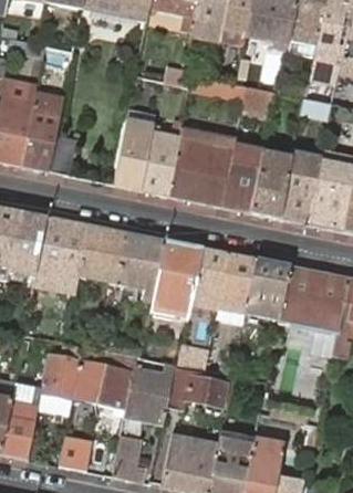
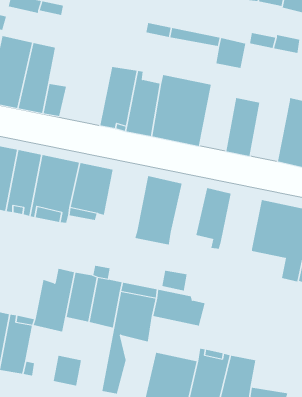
building: [222,139,263,212] -> none
building: [279,151,322,223] -> none
building: [117,232,165,301] -> none
building: [191,248,230,307] -> none
building: [247,259,291,321] -> none

